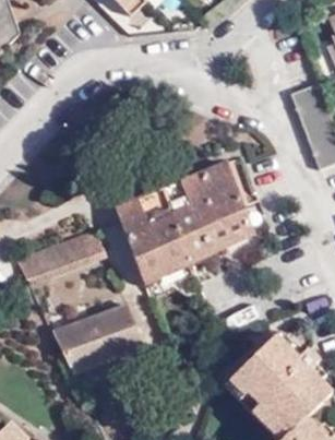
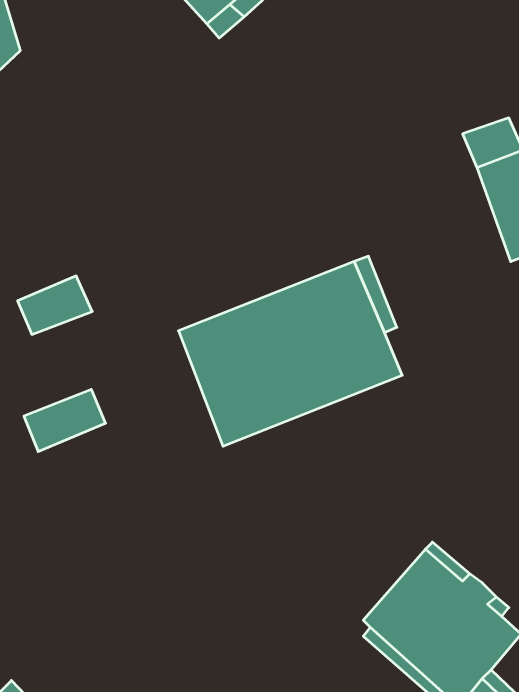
building: [61,228,107,264] -> [18,276,92,334]
building: [52,301,142,371] -> none

